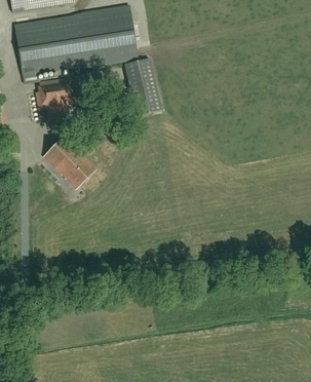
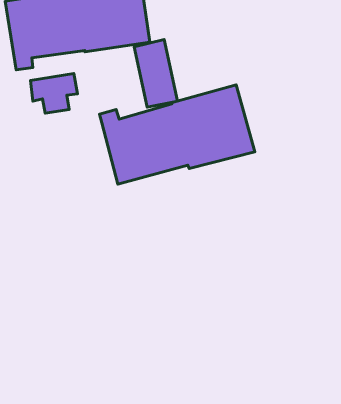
building: none -> [99,85,255,184]
building: [43,136,94,188] -> none

